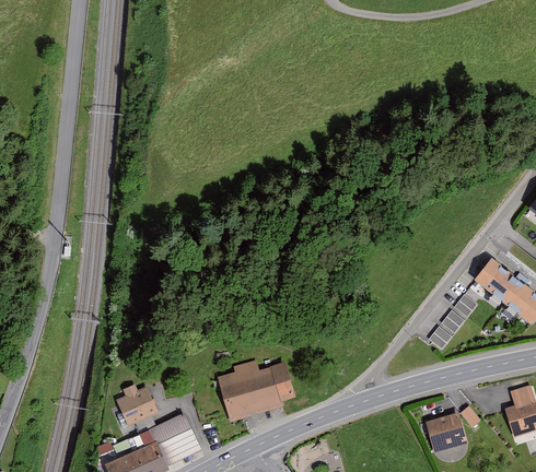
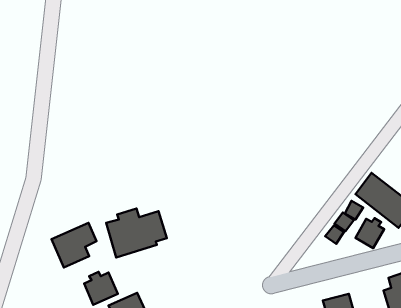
building: none -> [355,218,384,248]
building: none -> [52,223,96,267]
building: [218,357,296,421] -> [106,209,167,258]

